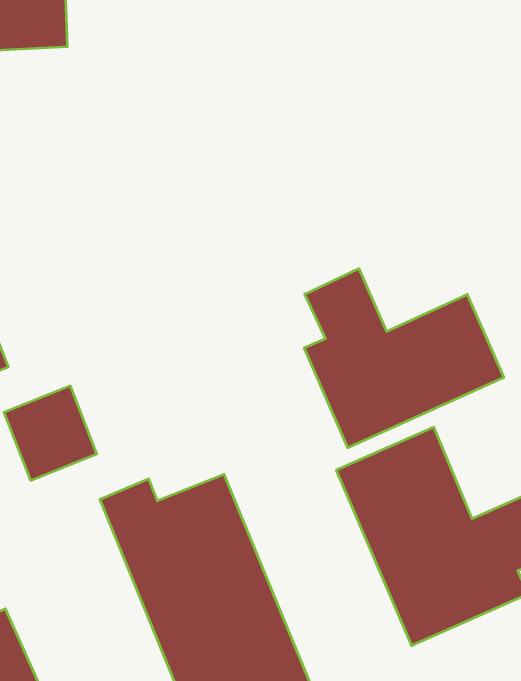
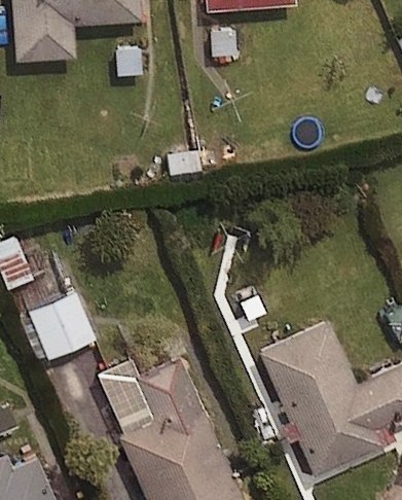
building: [304,269,504,448] -> none

